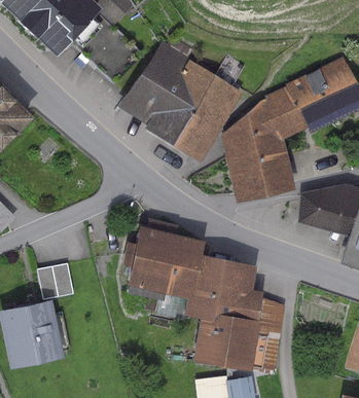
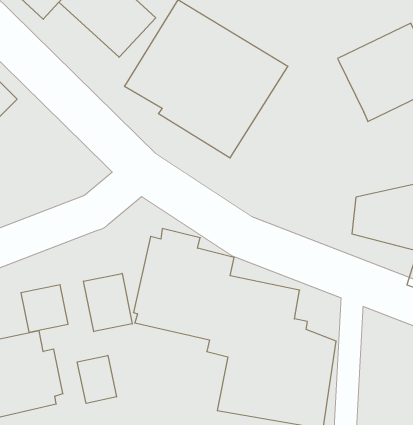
building: [222,86,307,202] -> none
building: none -> [84,273,132,332]
building: none -> [77,355,116,403]

